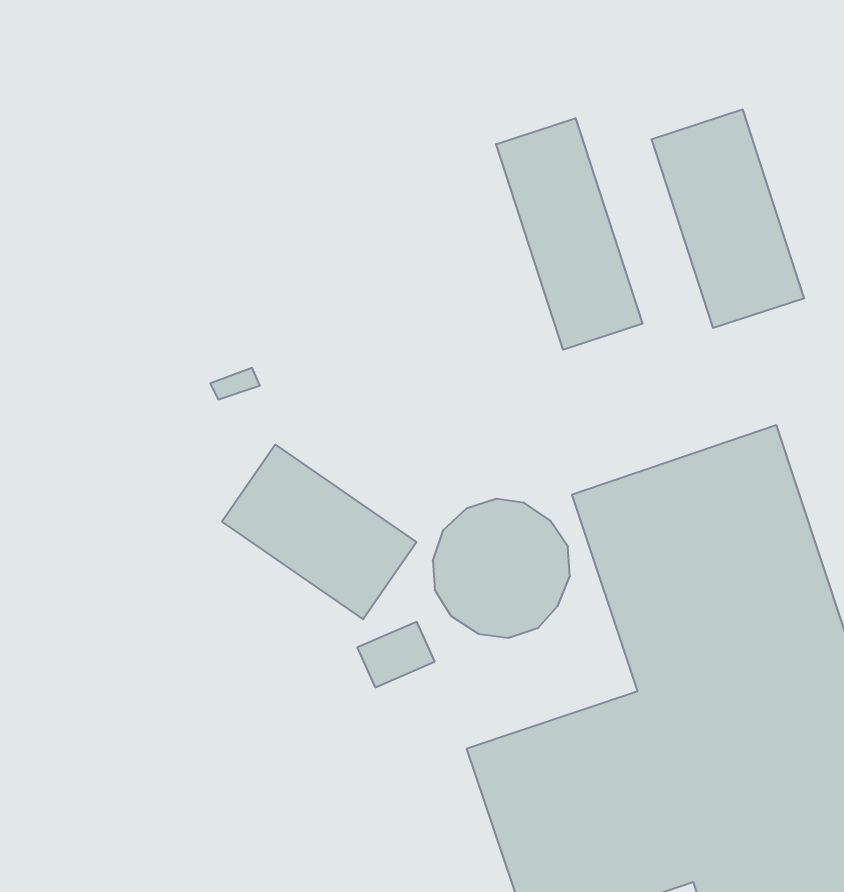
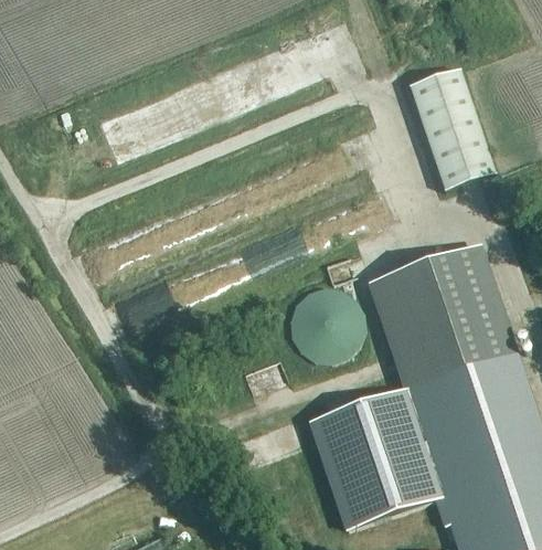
building: [496,118,642,350] -> none
building: [222,445,416,619] -> none

